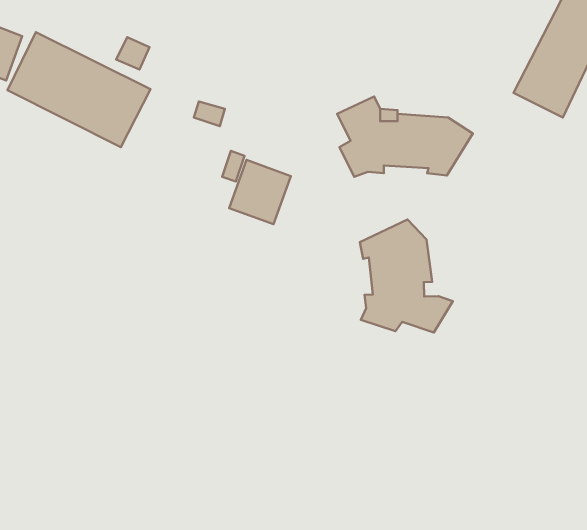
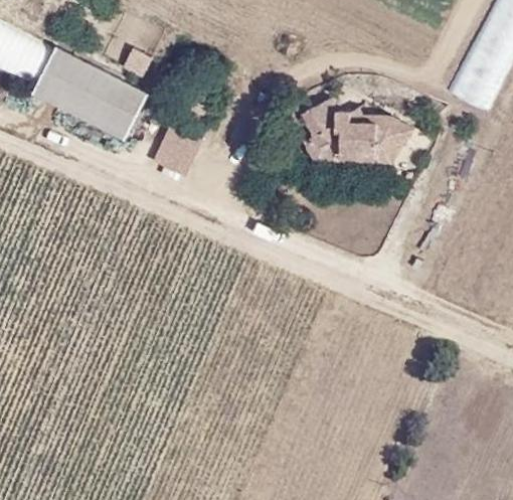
building: [229,160,291,224] -> [151,125,201,177]
building: [360,219,453,333] -> none

